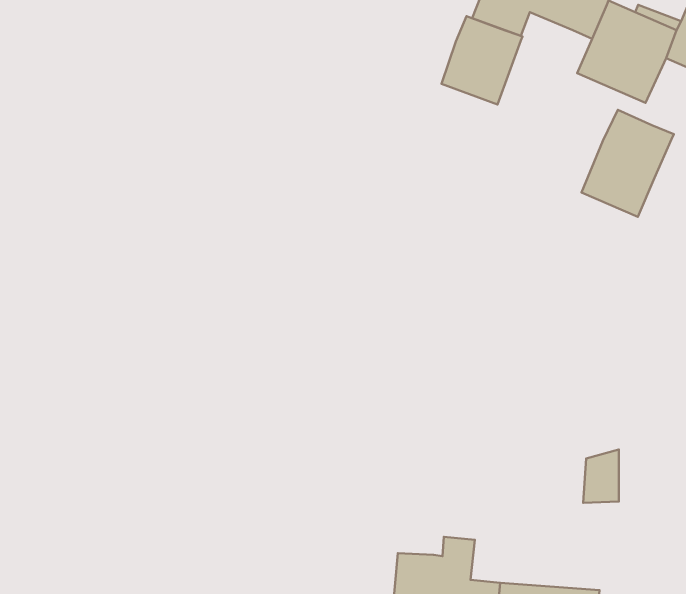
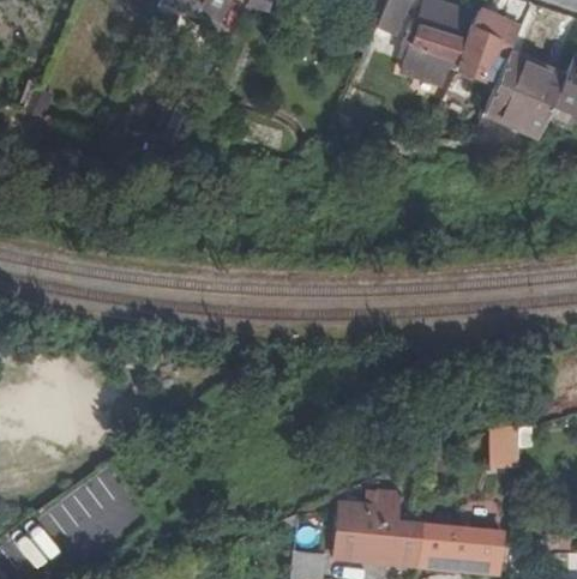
building: [441,16,523,104] -> none
building: [582,110,674,217] -> none

